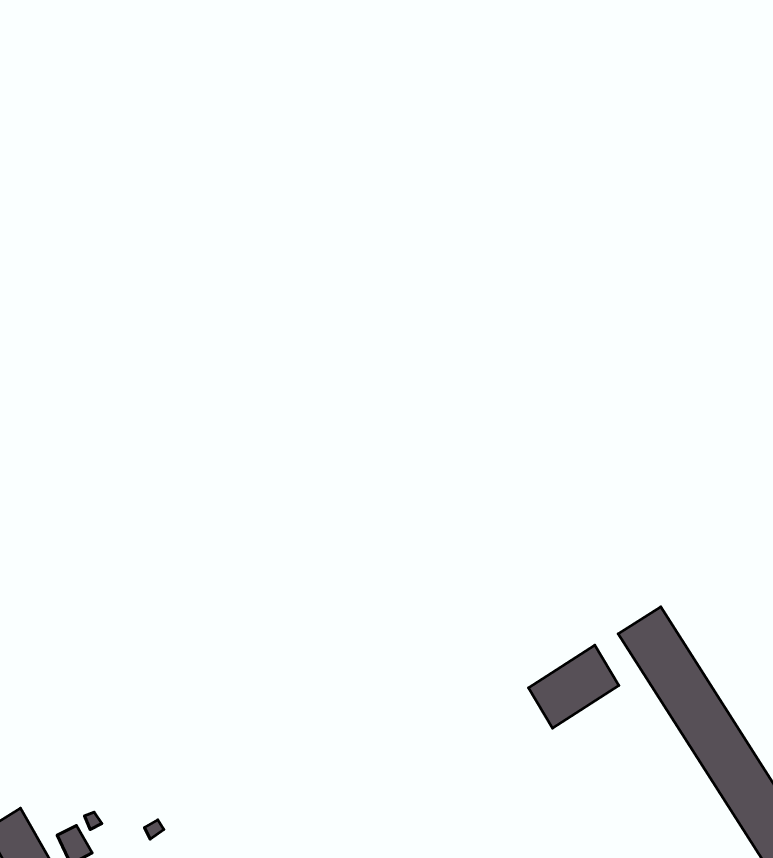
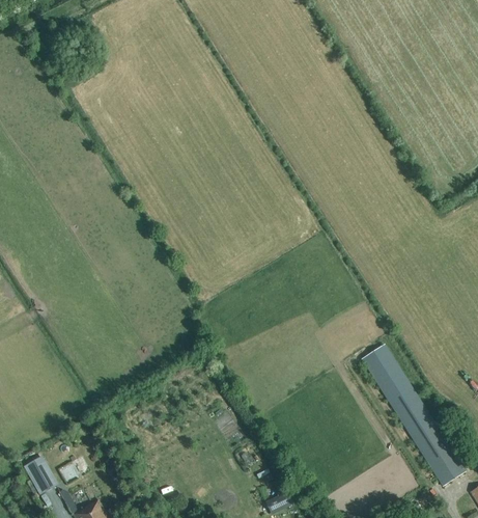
building: [528,645,619,728] -> none

